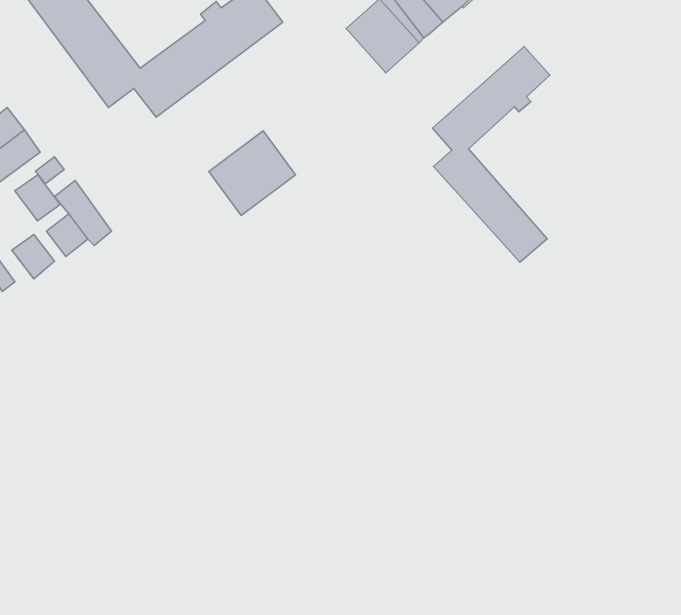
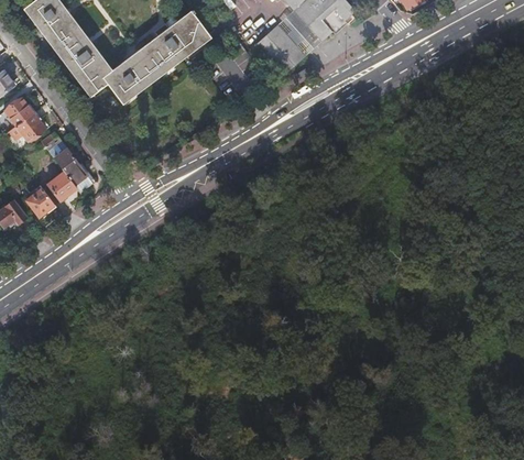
building: [433,47,550,262] -> none
building: [209,131,296,215] -> none
building: [15,175,60,221] -> none

